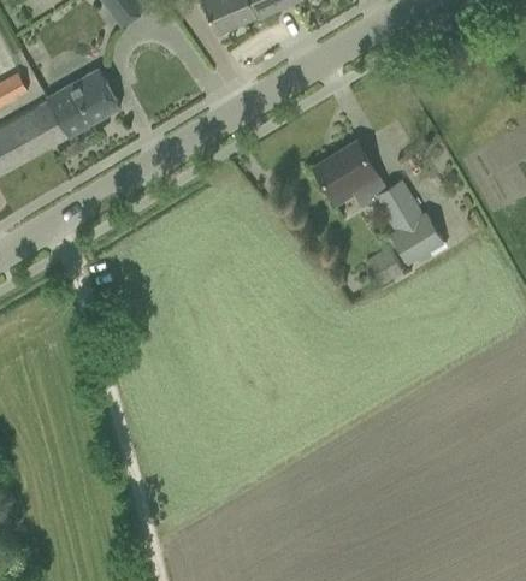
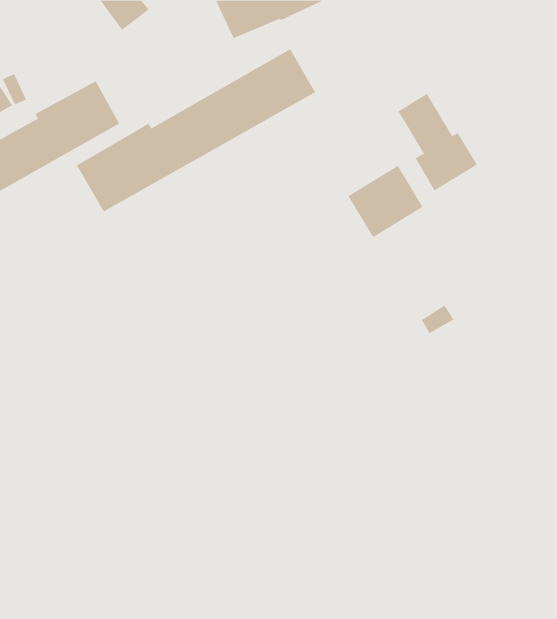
building: none -> [76,48,316,212]
building: [374,179,443,263] -> [398,93,478,192]

